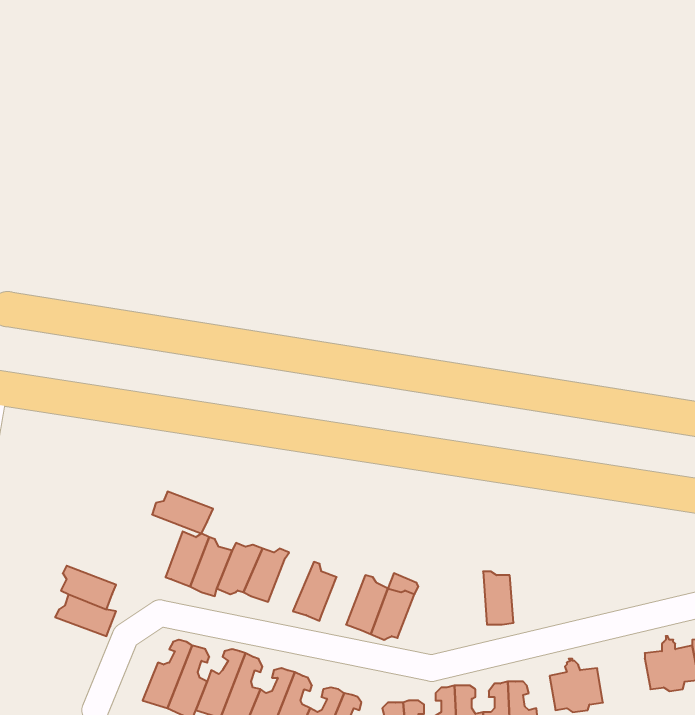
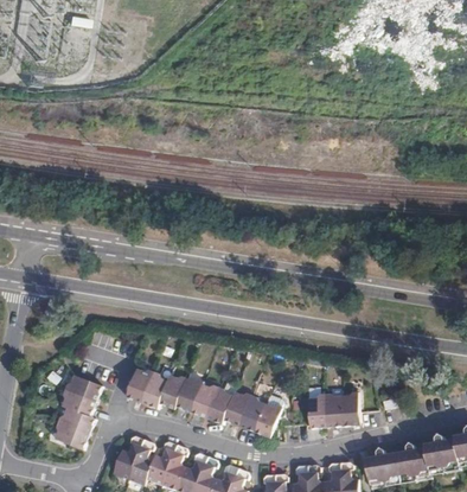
building: [152,492,213,533] -> [64,375,102,401]
building: none -> [190,384,218,417]
building: none -> [223,391,250,426]
building: none -> [340,391,359,424]
building: none -> [307,392,326,427]
building: none -> [53,421,89,449]
building: none -> [395,441,429,475]

